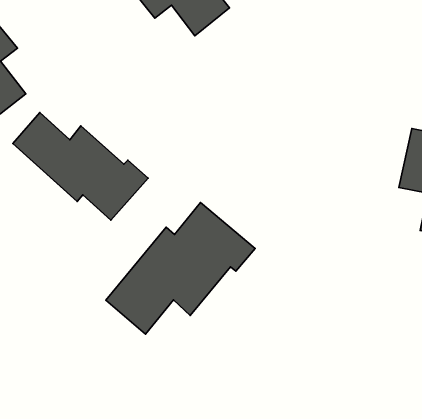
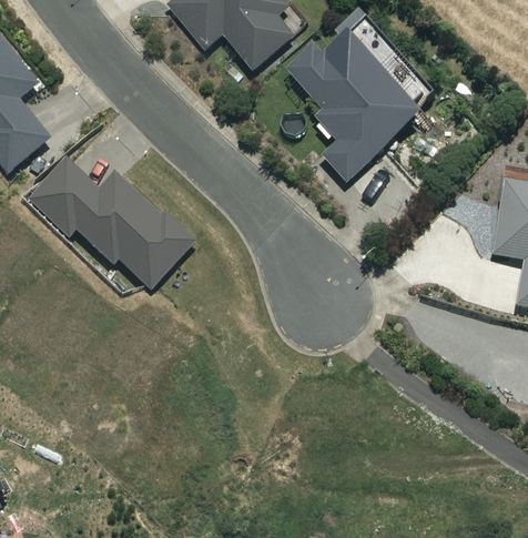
building: none -> [286,37,420,180]
building: [106,203,255,334] -> none

